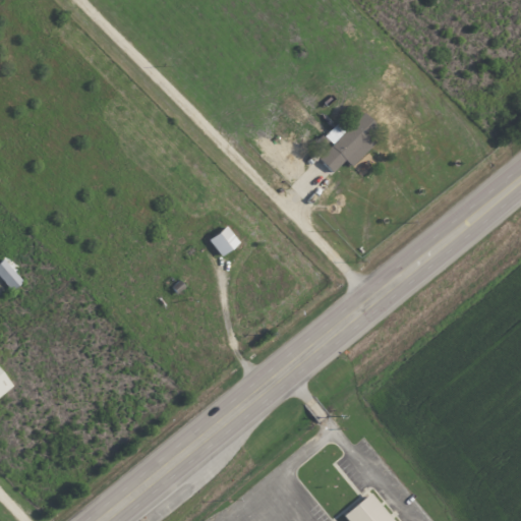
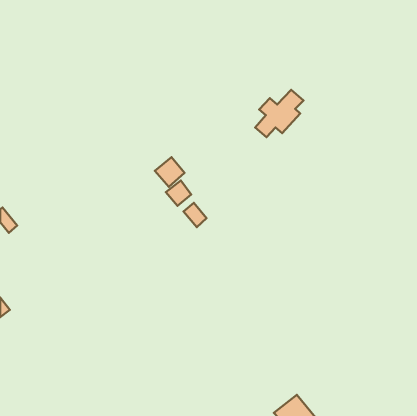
building: none -> [155,157,184,187]
building: none -> [183,203,207,227]

